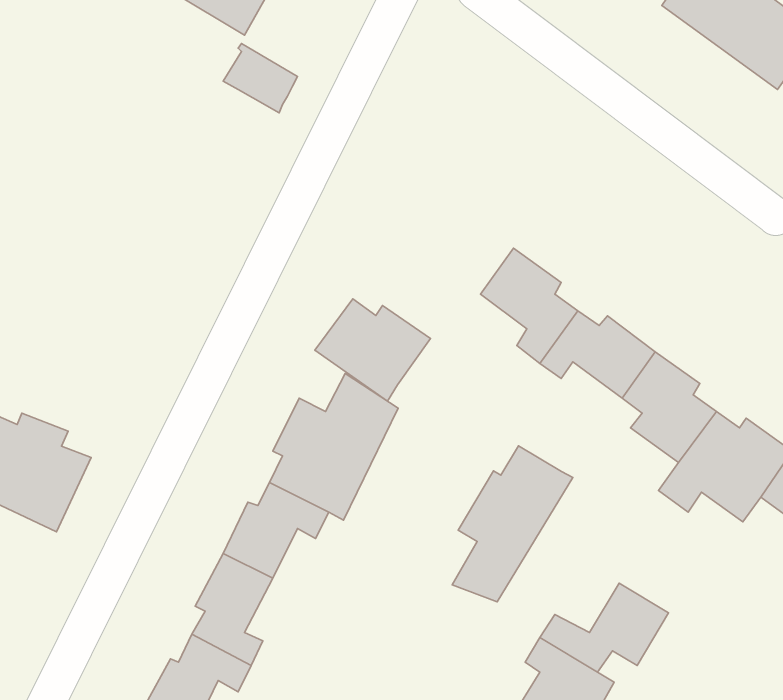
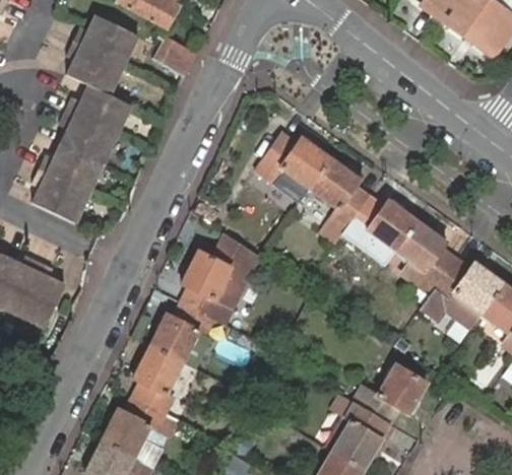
building: none -> [34,15,138,222]
building: [315,299,430,401] -> [260,134,331,197]
building: [452,446,573,602] -> none

